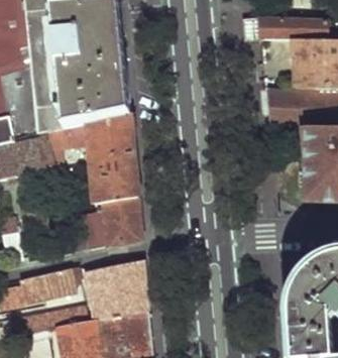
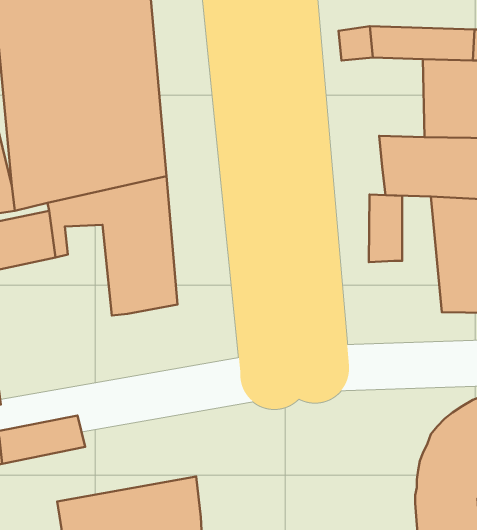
building: none -> [369,194,402,262]
building: [65,198,136,252] -> none
building: [22,259,144,331] -> none

